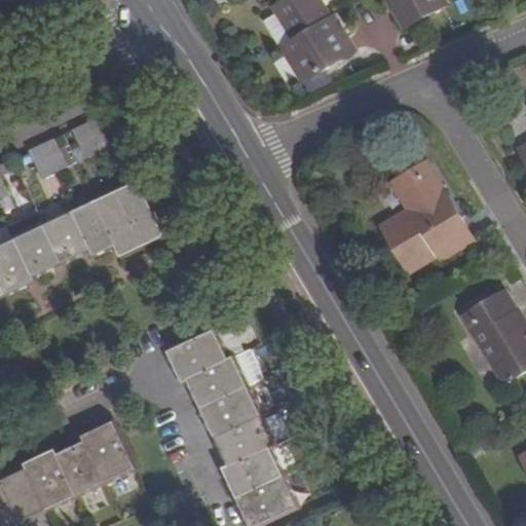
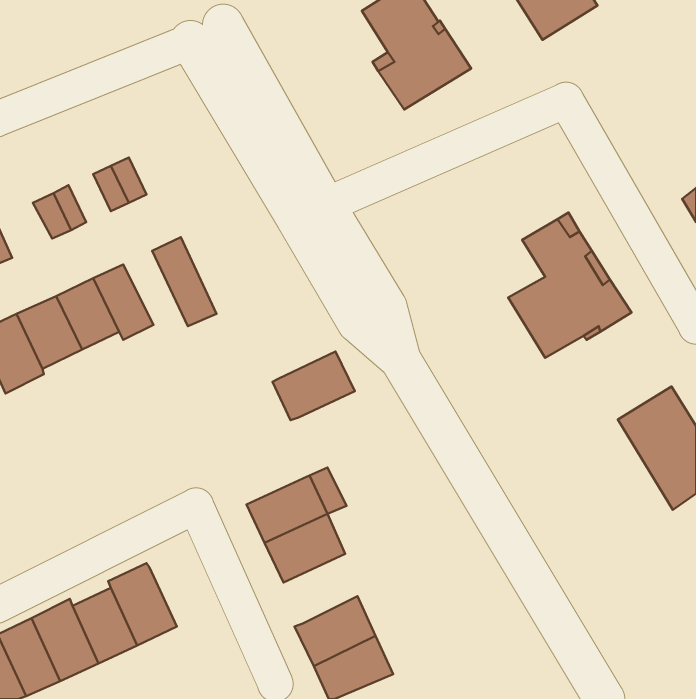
building: [92,188,141,255] -> none
building: [165,329,227,380] -> [273,352,355,420]
building: [213,415,273,467] -> none

